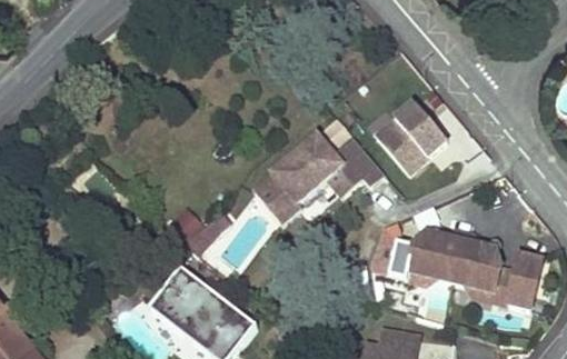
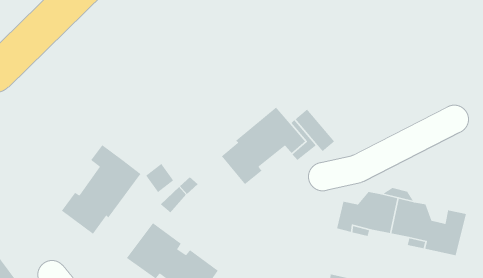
building: [378,103,448,174] -> none
building: none -> [61,144,141,235]

